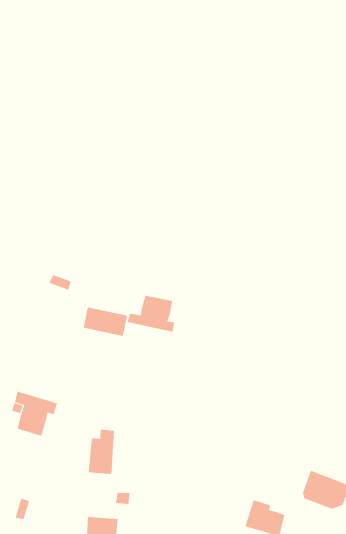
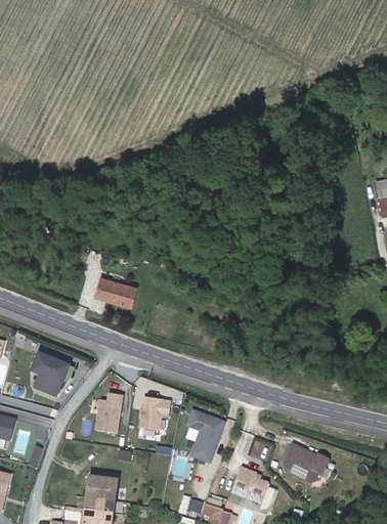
building: [127,295,175,332] -> none
building: none -> [137,398,170,431]
building: none -> [184,408,222,461]

